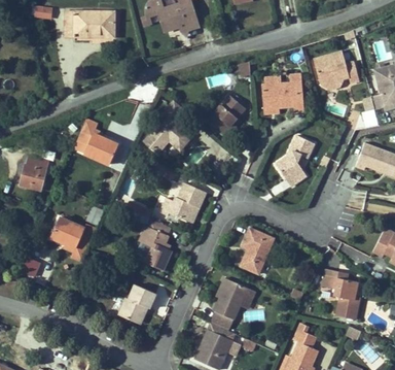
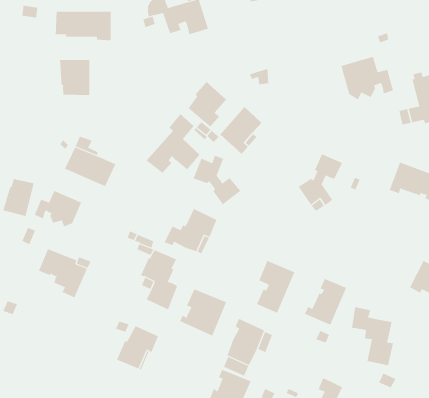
building: none -> [60,59,90,96]
building: none -> [188,81,227,128]
building: [261,74,303,110] -> none
building: none -> [193,155,241,205]
building: none -> [34,190,82,227]
building: none -> [304,278,347,326]
building: none -> [180,288,227,336]

